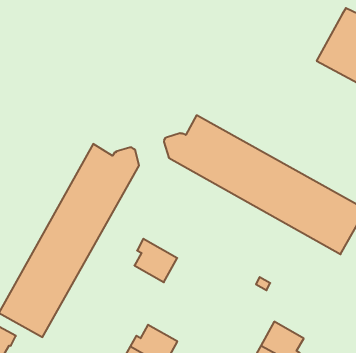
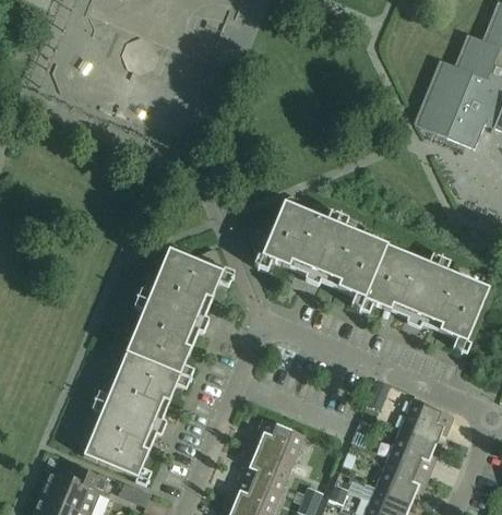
building: [134,239,177,282] -> [256,417,304,464]
building: none -> [401,398,453,443]

